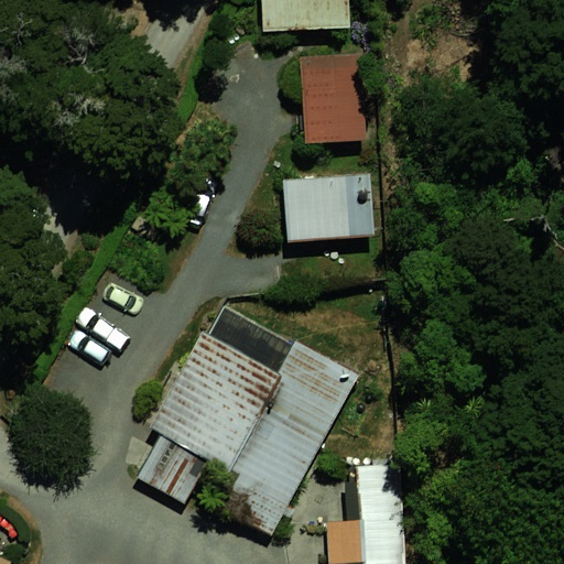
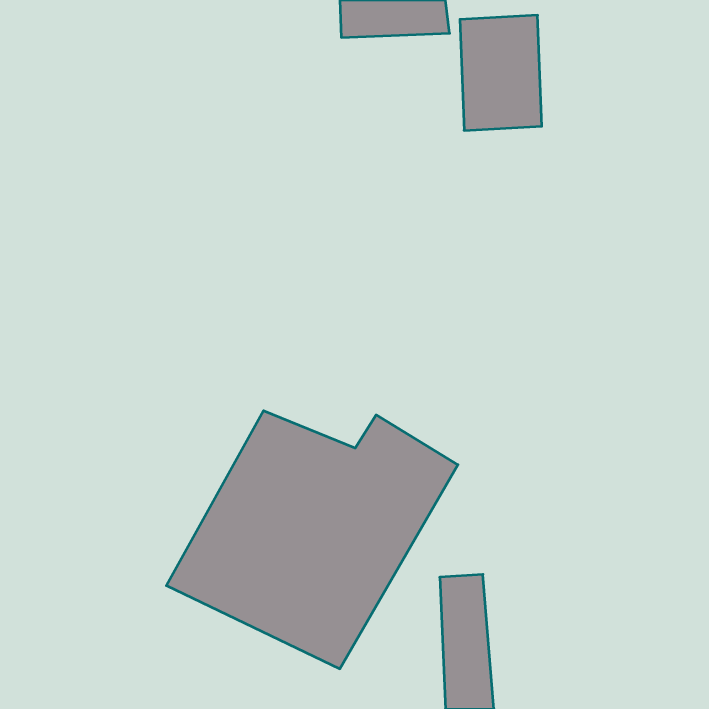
building: [297,48,362,140] -> [460,15,542,130]
building: [283,166,361,243] -> none

